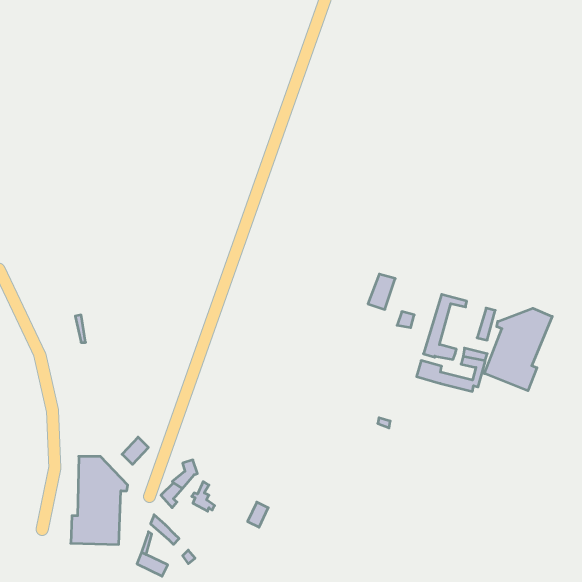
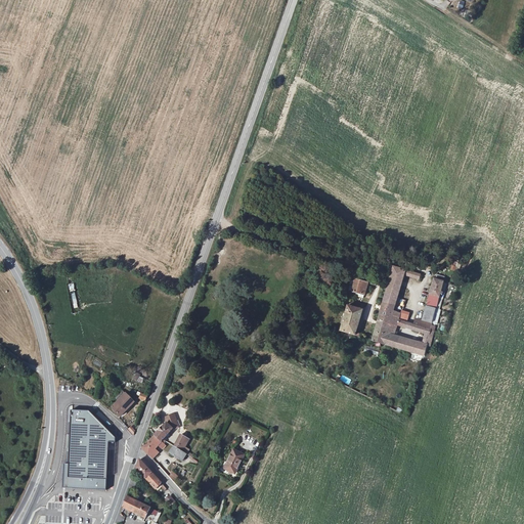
building: [368,274,395,309] -> [342,302,366,334]
building: [484,308,552,391] -> none

